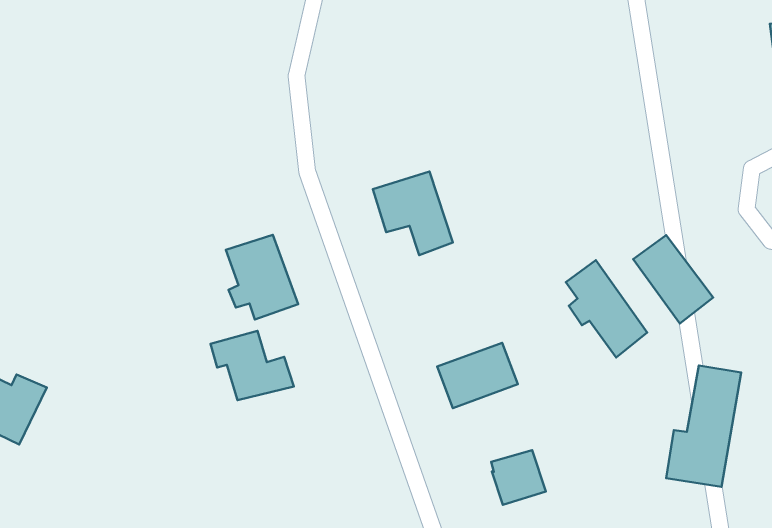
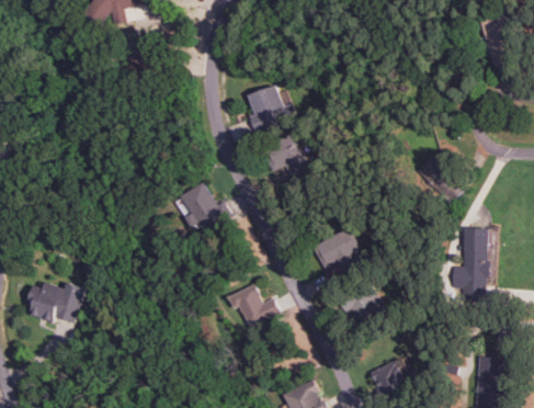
building: none -> [246,84,295,133]
building: [566,260,647,357] -> none
building: [211,331,294,400] -> [227,284,279,326]

